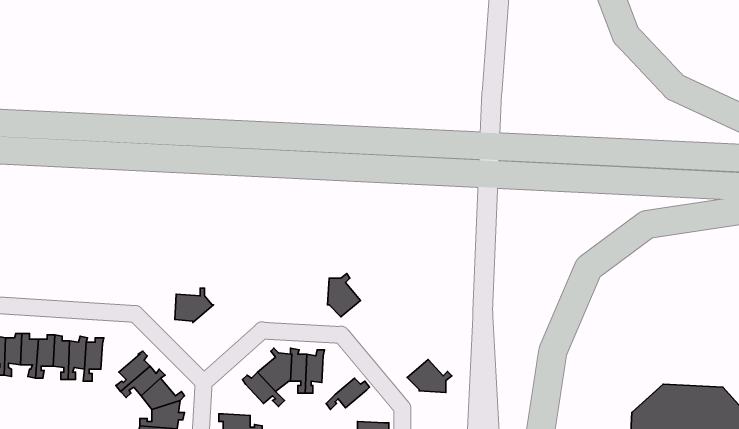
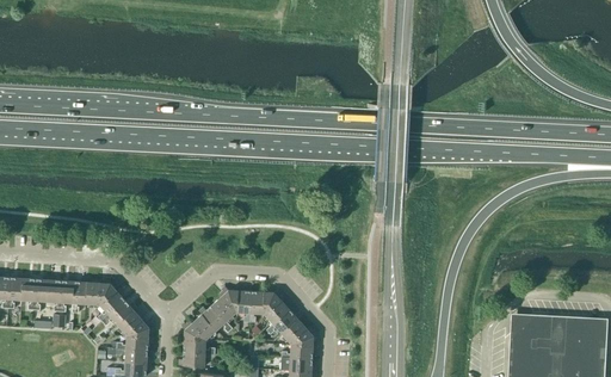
building: [328,274,360,317] -> [263,290,289,325]
building: [175,288,214,323] -> [86,279,117,307]
building: [407,360,452,392] -> [282,321,317,347]
building: none -> [181,316,216,341]

